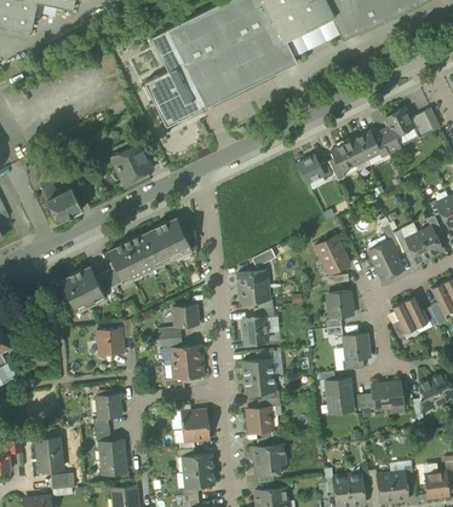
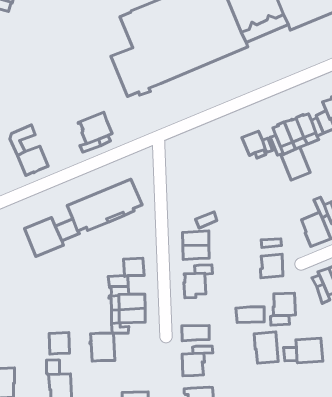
building: [315,236,349,273] -> [281,147,310,180]
building: [96,328,124,355] -> none
building: [241,358,274,378] -> [236,307,264,322]
building: [180,409,210,442] -> [90,333,115,361]

